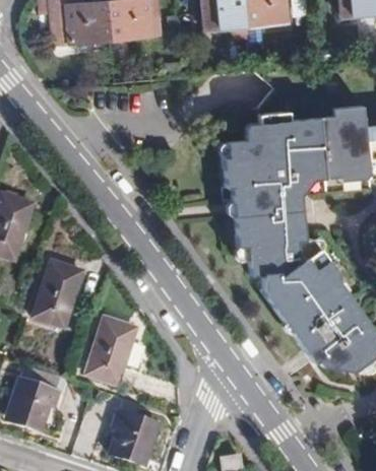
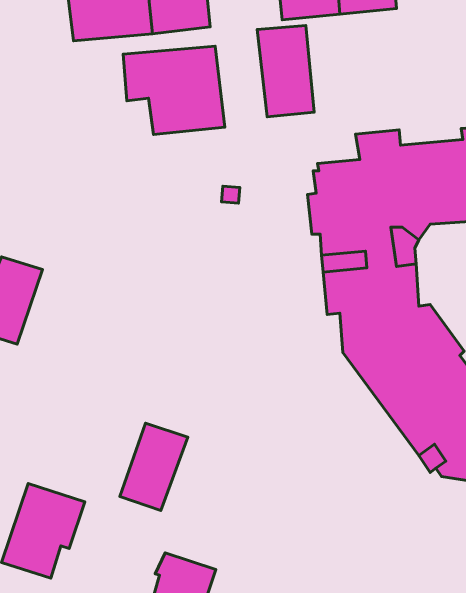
building: none -> [257,25,314,117]
building: none -> [123,46,225,134]
building: [36,265,82,331] -> none

